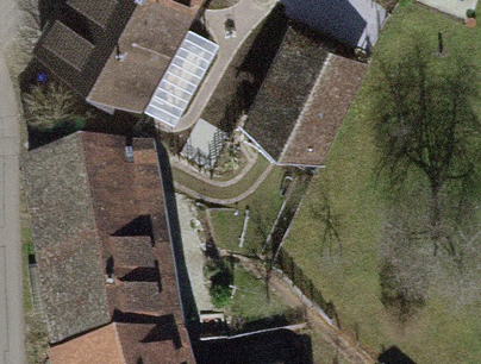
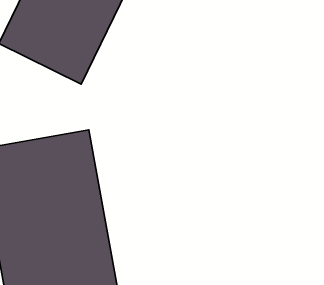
building: [255,43,361,170] -> none

